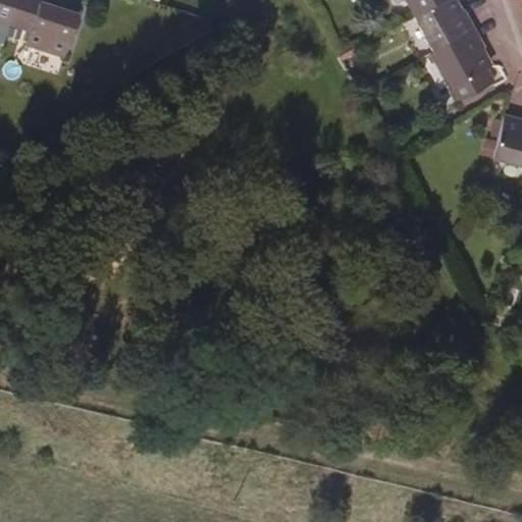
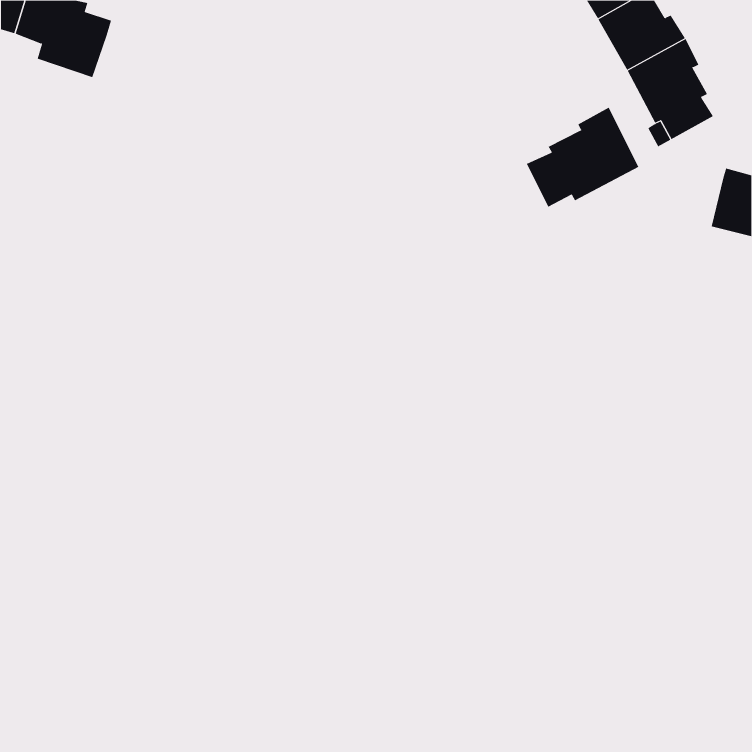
building: none -> [526,107,639,207]

